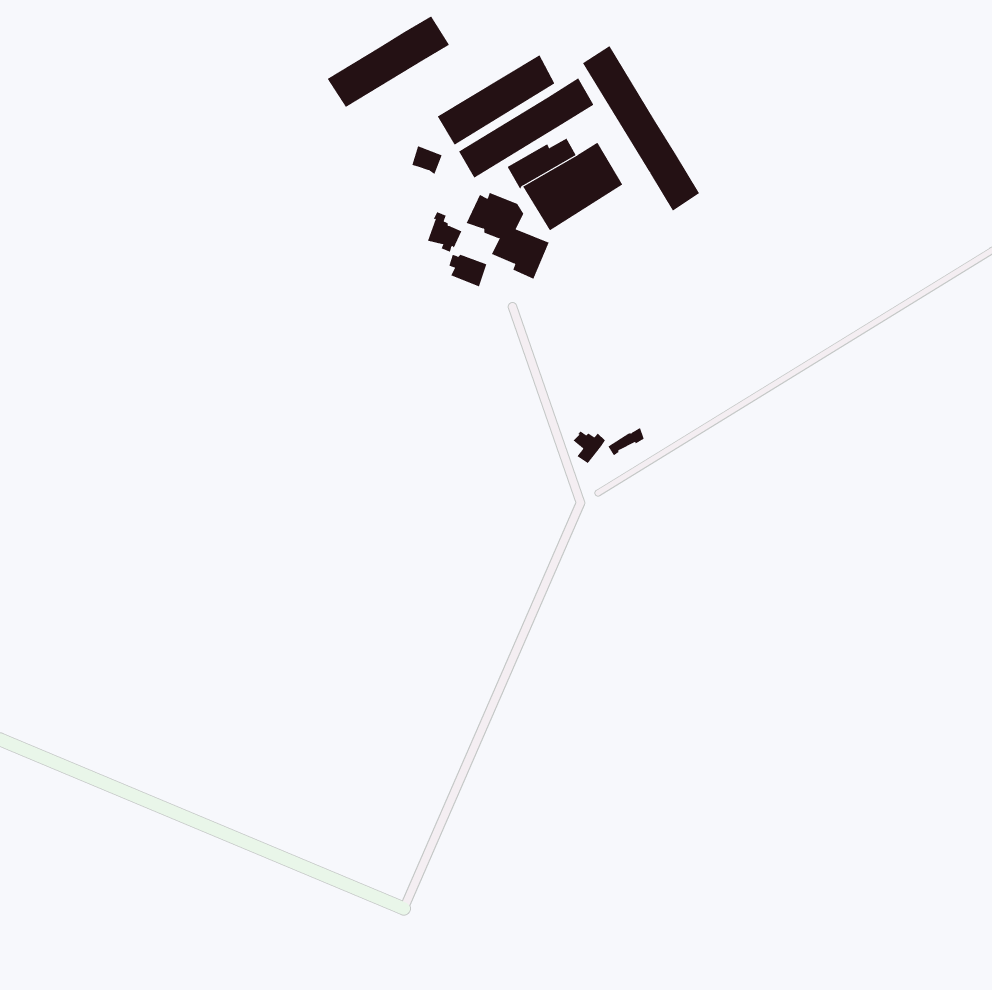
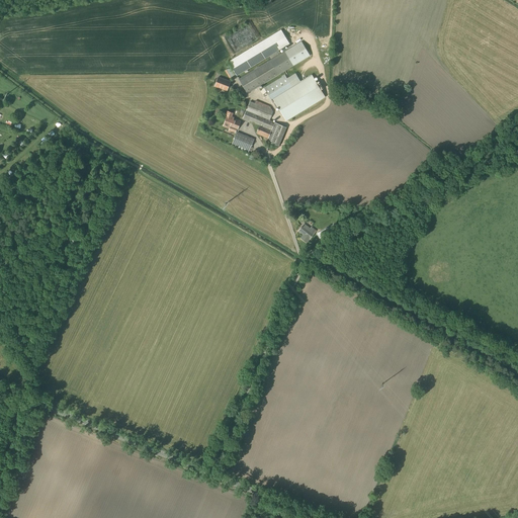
building: [327,15,450,108] -> none
building: [582,45,700,211] -> none

